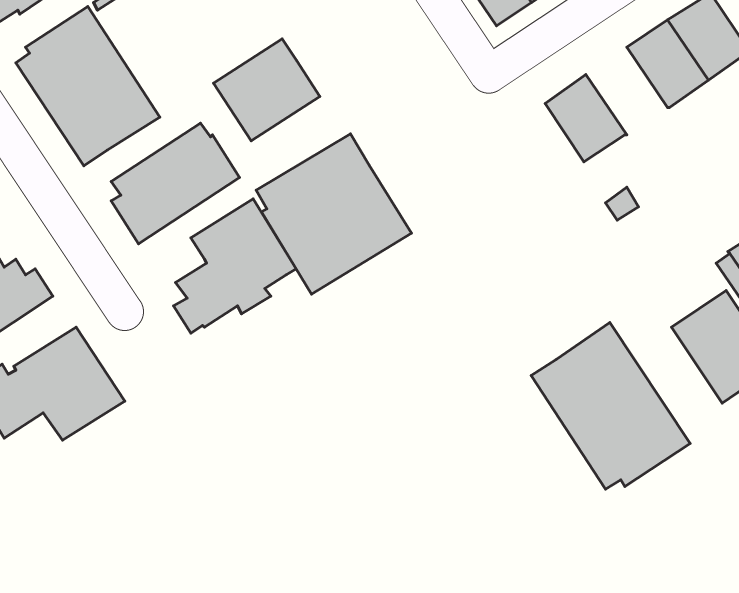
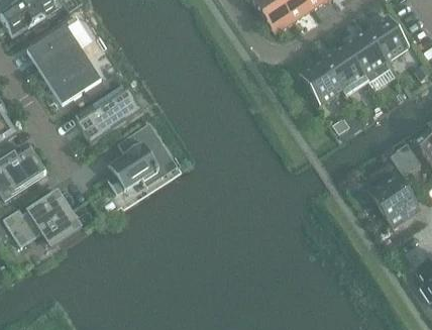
building: [214,39,320,141] -> none
building: none -> [322,43,368,95]
building: [256,134,412,294] -> none
building: [531,323,690,489] -> none

